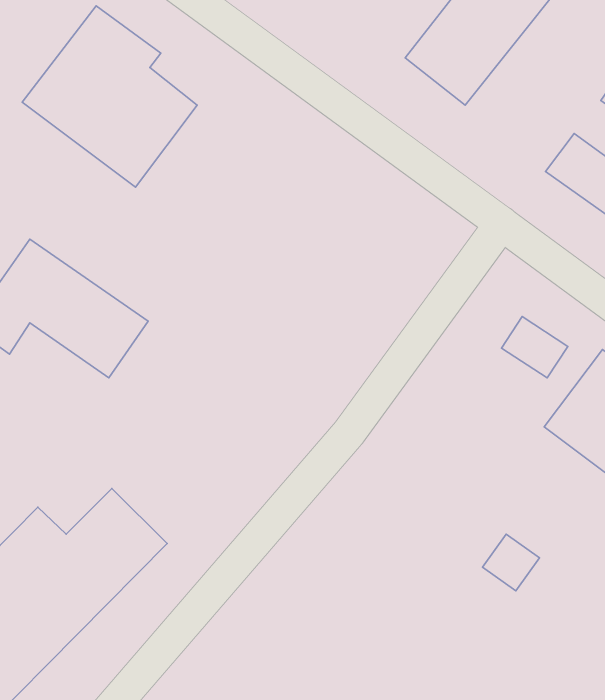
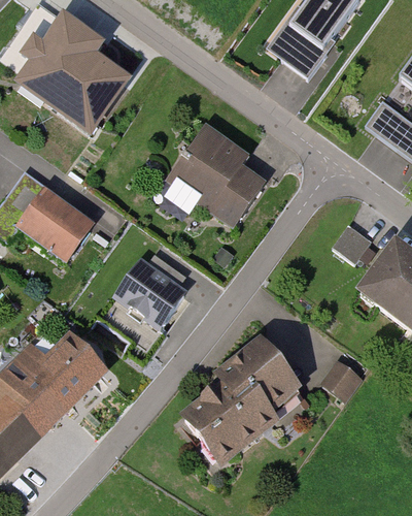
building: none -> [170,122,269,223]
building: none -> [111,260,191,333]
building: none -> [178,340,305,455]

